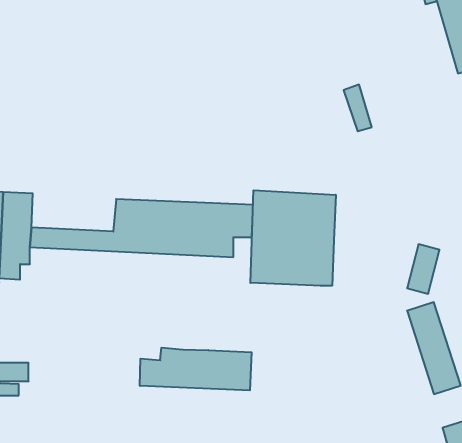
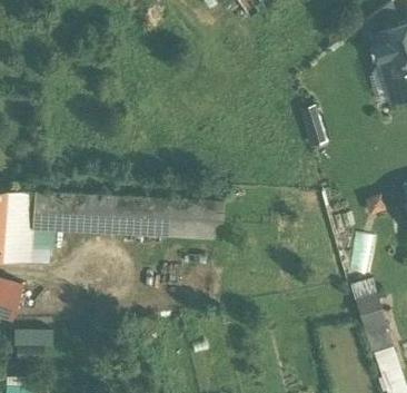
building: [250,190,336,286] -> none
building: none -> [56,193,122,223]
building: [140,348,252,390] -> none

